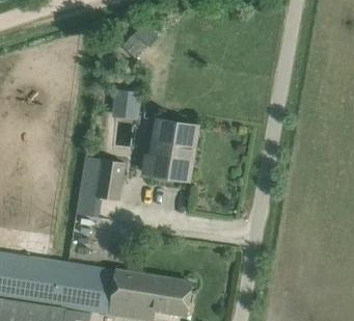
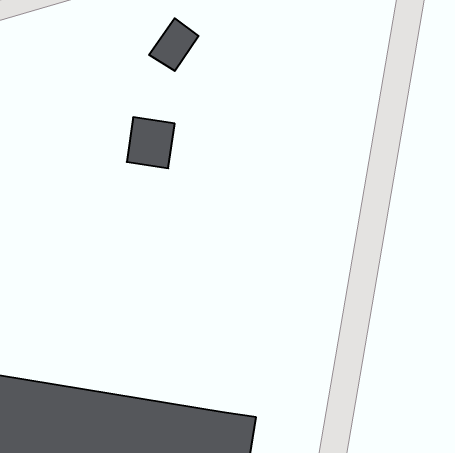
building: [145,121,197,181] -> none
building: [76,157,126,218] -> none

